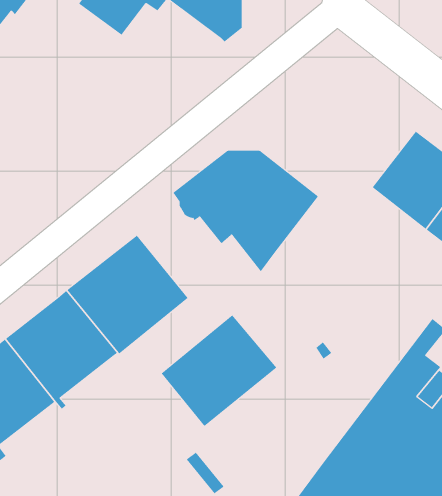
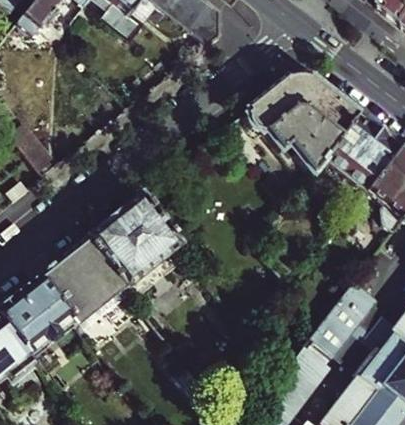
building: [172,150,319,272] -> [245,77,359,172]
building: [161,314,277,427] -> none

